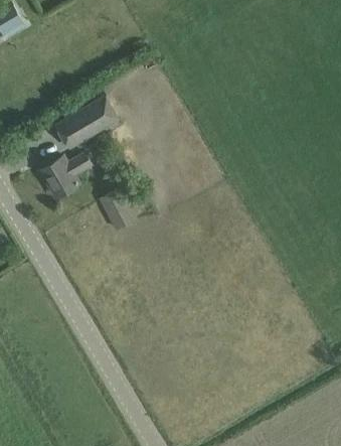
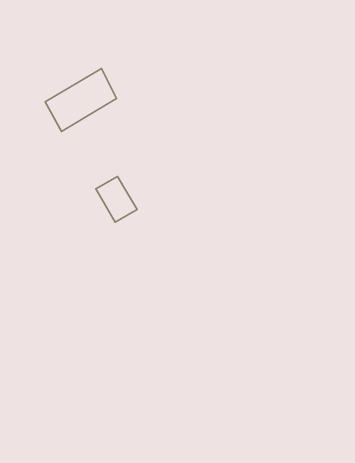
building: [39,154,90,197] -> none

